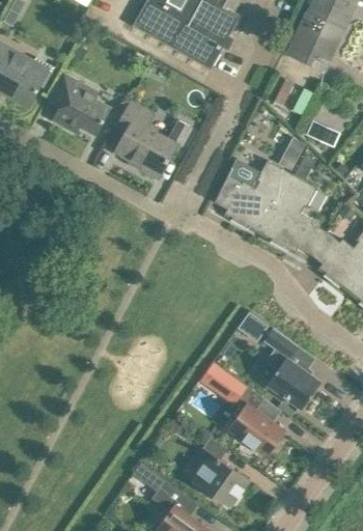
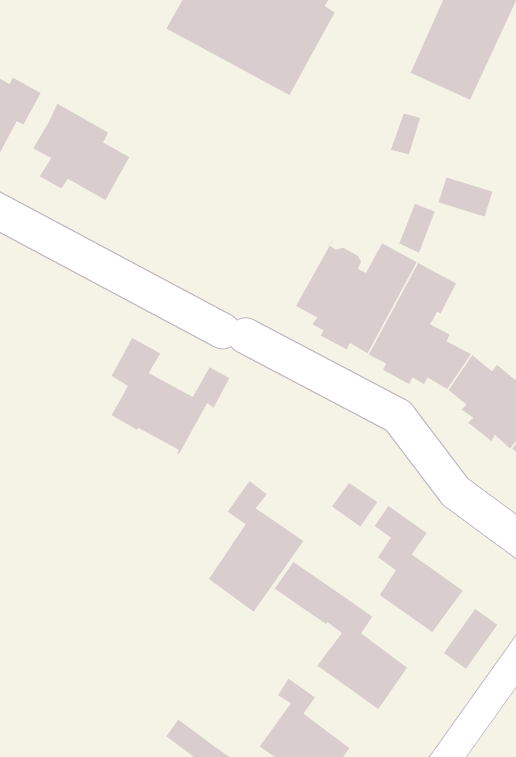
building: [115,101,191,175] -> [111,337,230,455]
building: none -> [208,480,305,613]
building: none -> [443,608,498,670]

